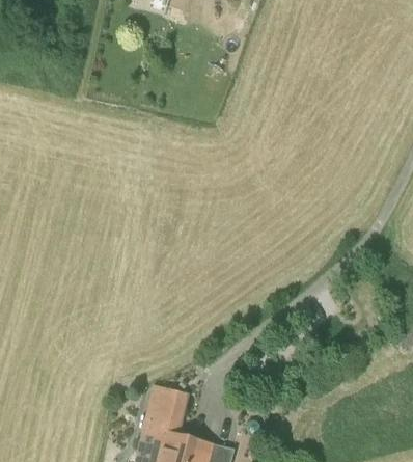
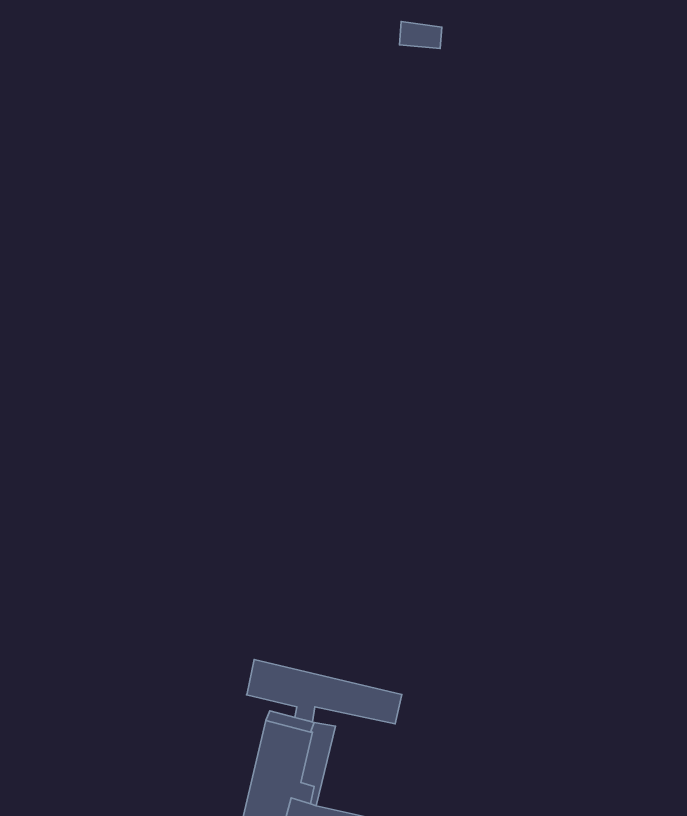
building: none -> [246,660,402,724]

